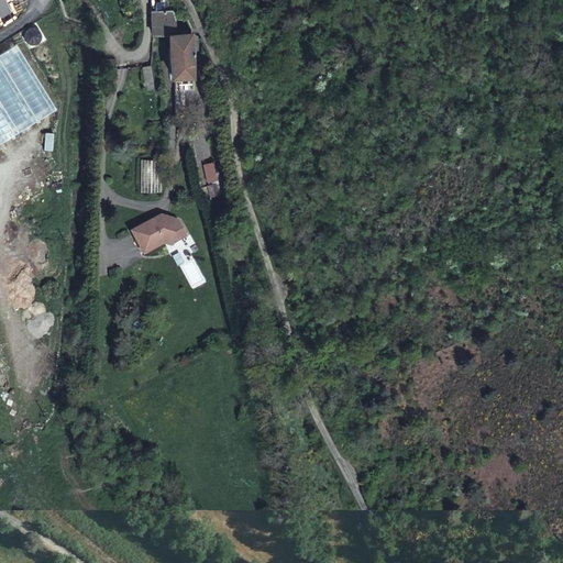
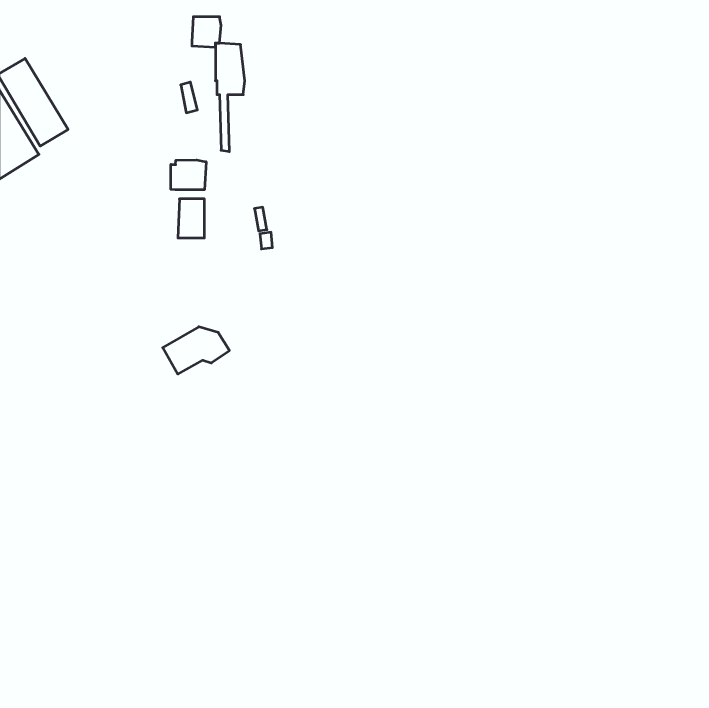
building: none -> [171,160,206,190]
building: [132,213,185,251] -> [163,327,229,374]

